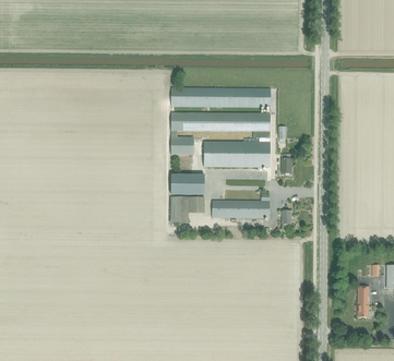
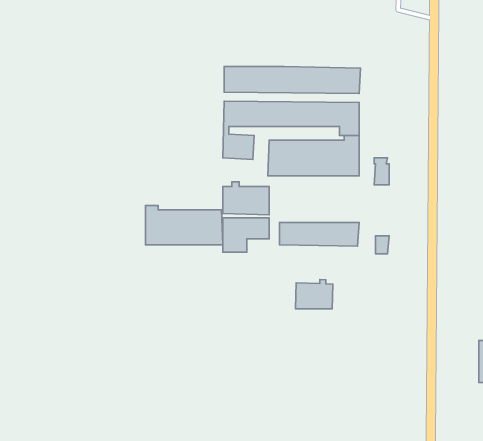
building: none -> [145,206,223,245]
building: none -> [296,279,333,309]

